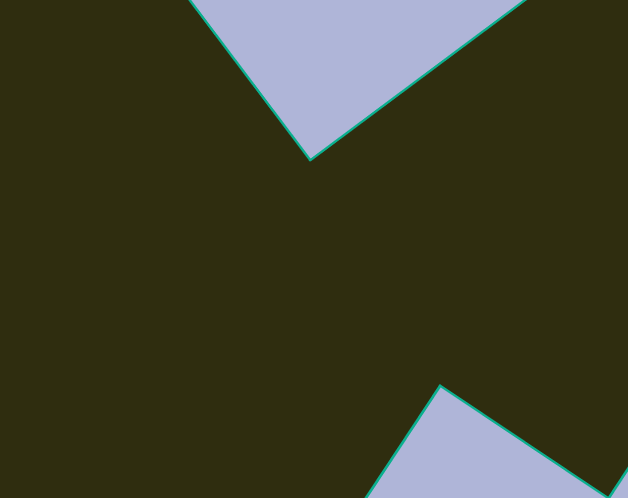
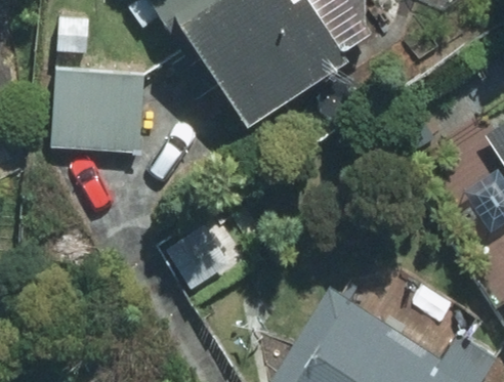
building: none -> [55,56,146,157]

